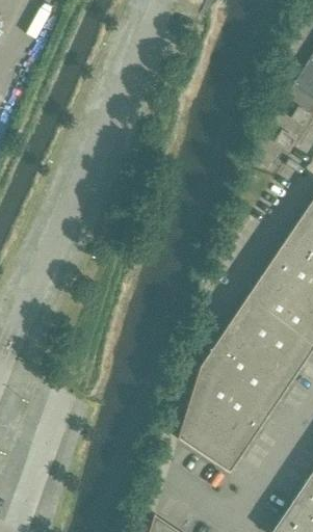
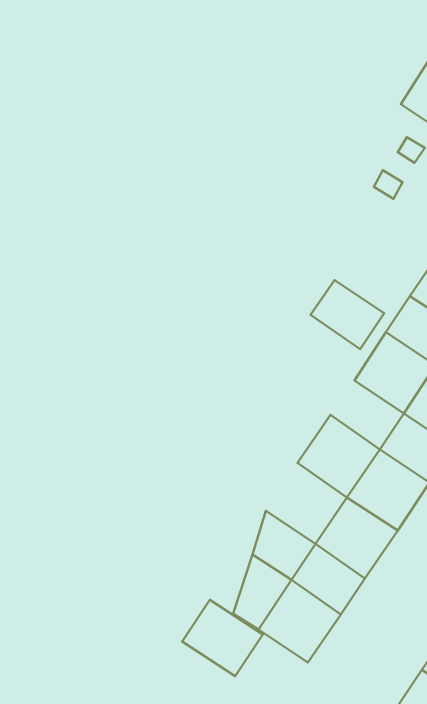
building: [245,276,296,324] -> [311,280,384,349]
building: [201,334,257,390] -> none
building: none -> [182,600,263,676]

